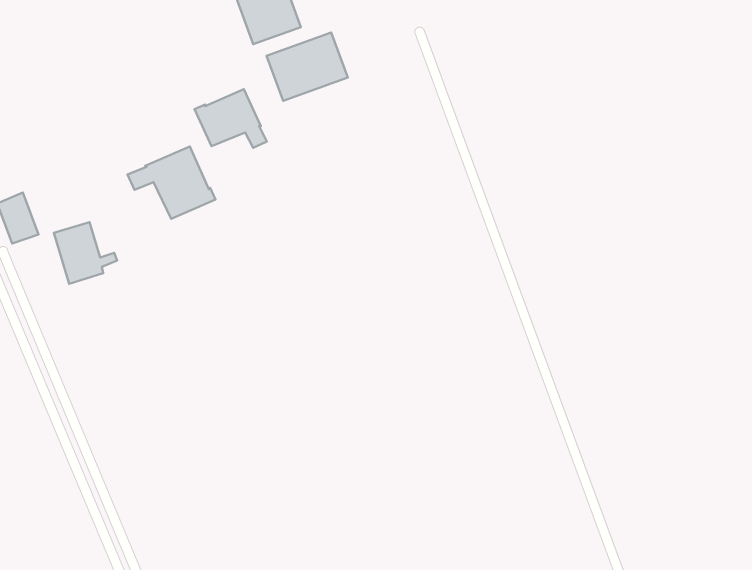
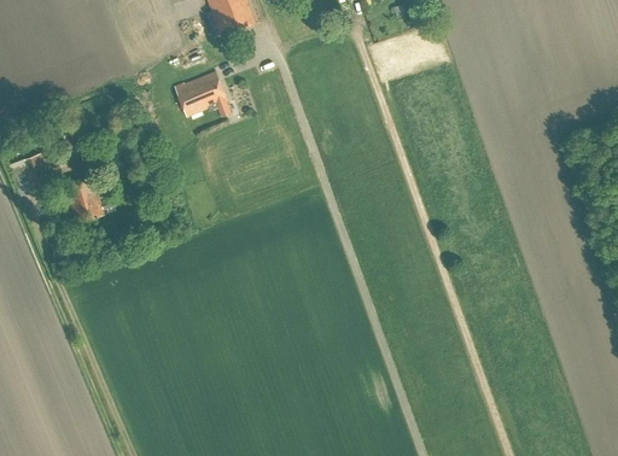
building: [267,33,348,101] -> none
building: [128,147,216,219] -> none

